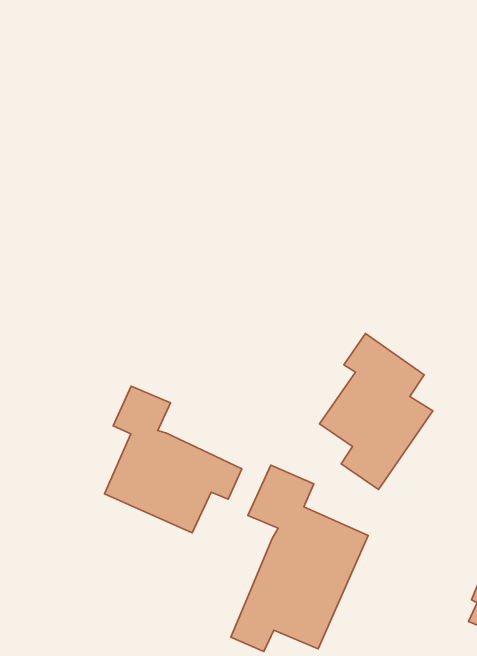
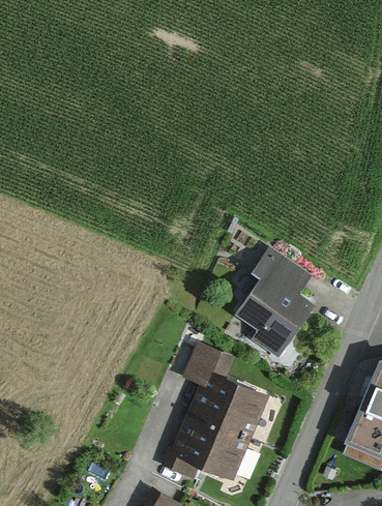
building: [105,386,242,533] -> none

